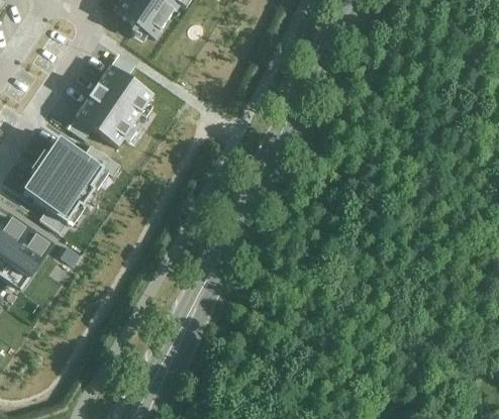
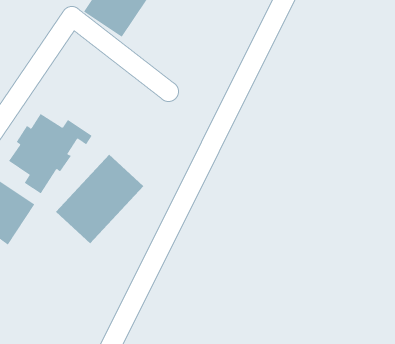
building: [77,62,153,140] -> none
building: none -> [55,154,144,244]

